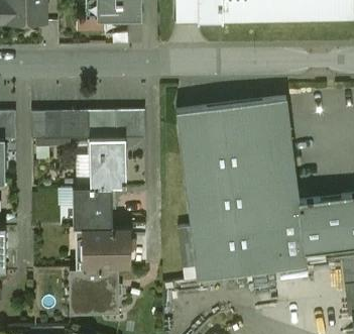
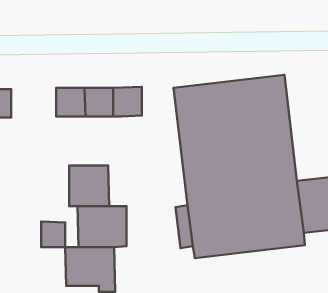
building: [31,111,60,140] -> none
building: [89,139,126,188] -> none
building: none -> [41,222,65,247]

